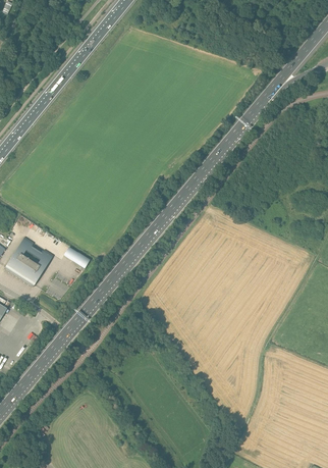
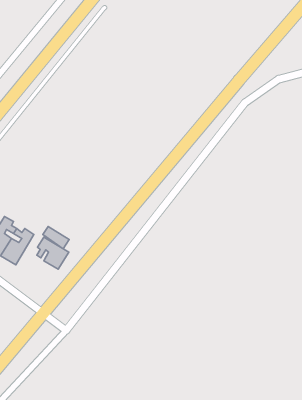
building: none -> [37,237,69,269]

